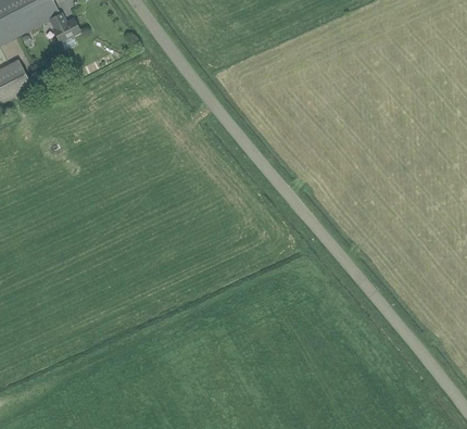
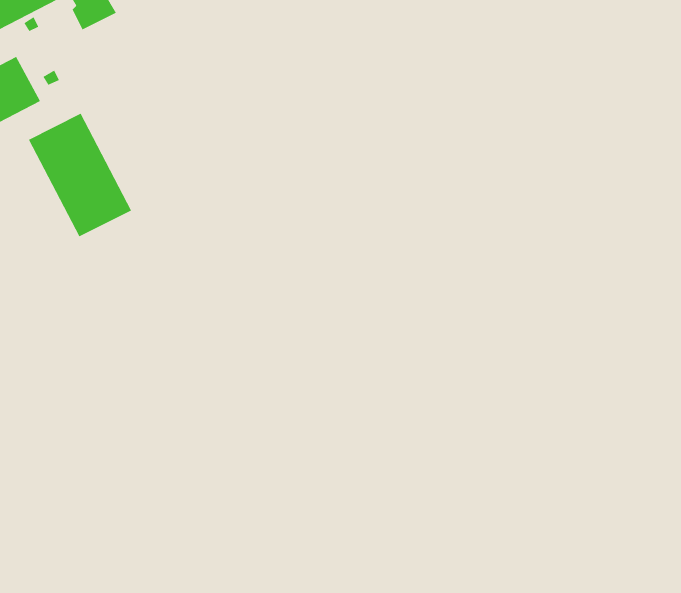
building: none -> [28,113,132,237]

